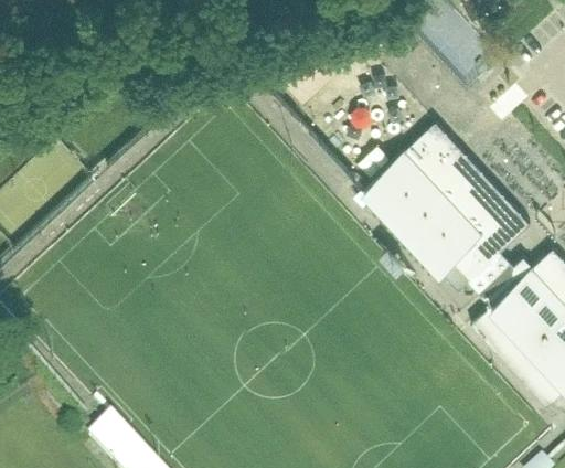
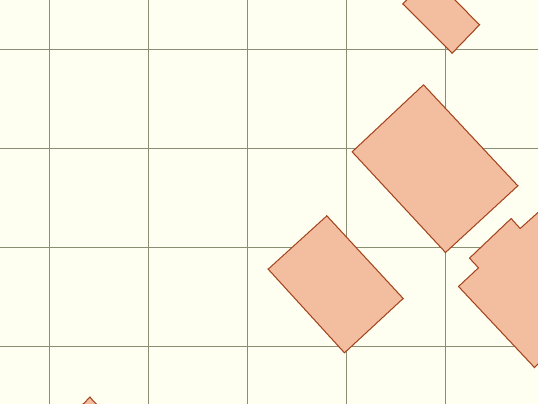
building: none -> [268,216,403,353]

